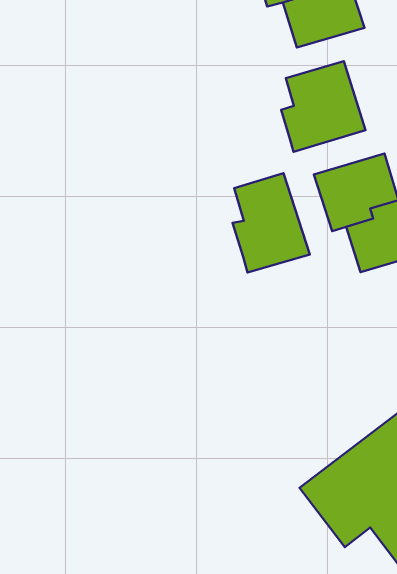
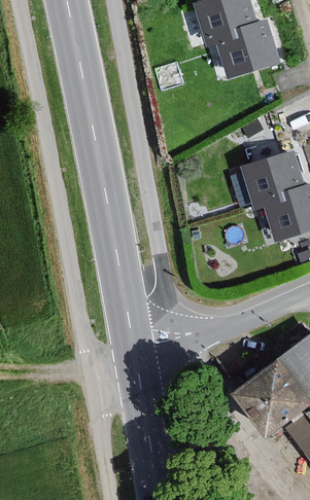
building: [281,61,365,152] -> none
building: [232,173,310,272] -> none

